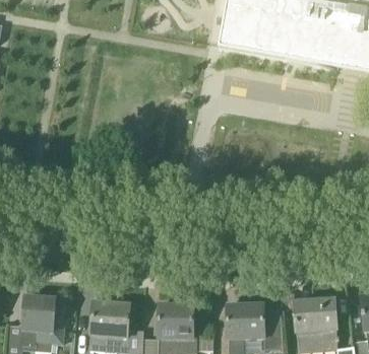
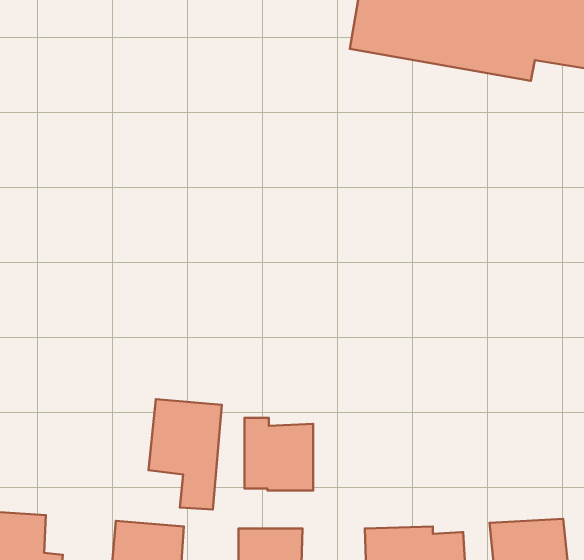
building: none -> [149,399,222,509]
building: none -> [245,418,313,490]

